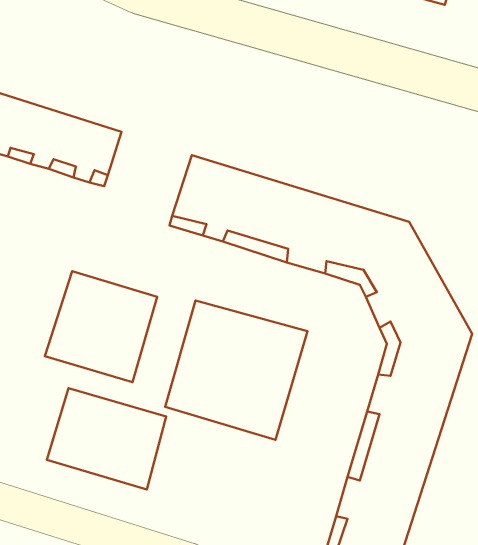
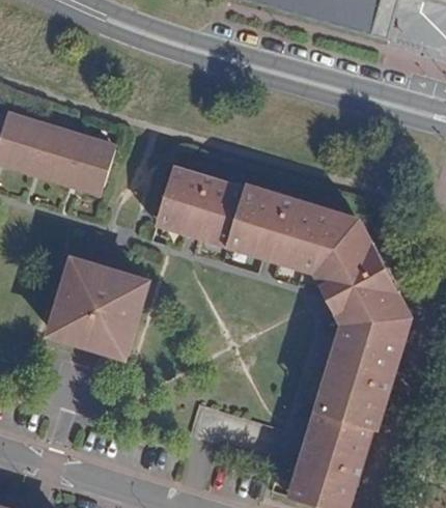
building: [165,301,308,440] -> none
building: [47,388,166,489] -> none

